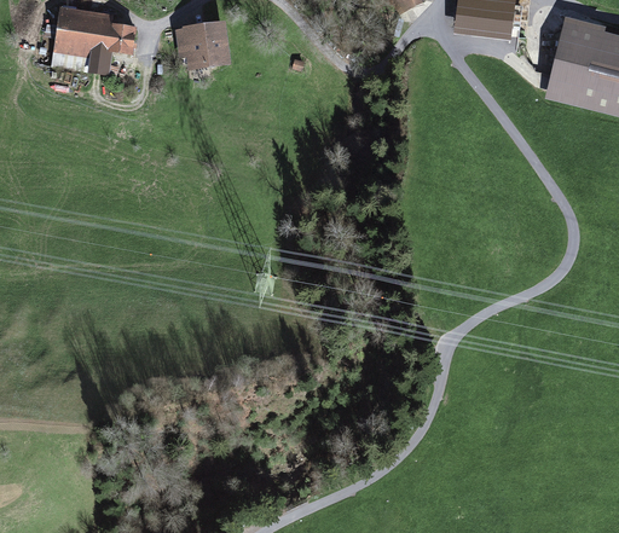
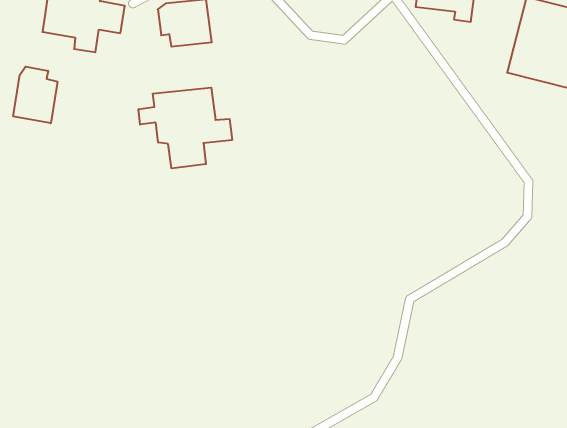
building: none -> [13,67,57,123]
building: none -> [139,88,232,168]

